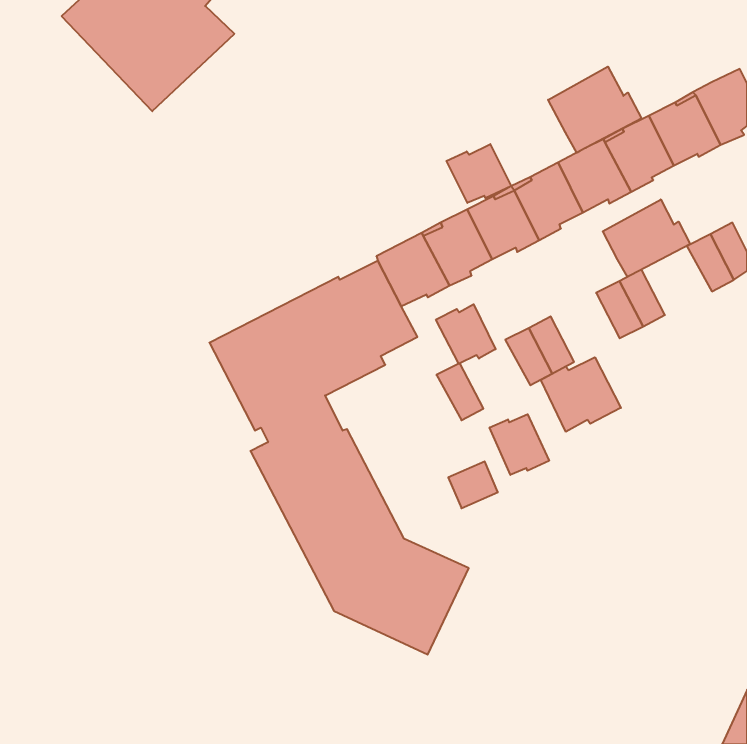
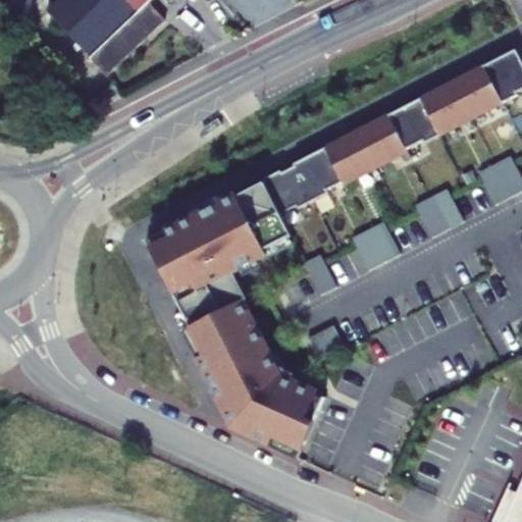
building: [548,67,641,153] -> none
building: [446,144,511,203] -> none
building: [603,199,690,277] -> none
building: [436,304,496,364] -> none
building: [541,357,621,432] -> none
building: [490,414,549,475] -> none

